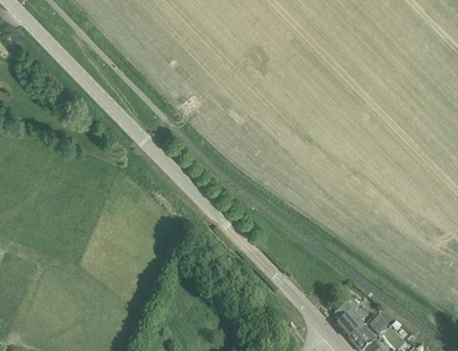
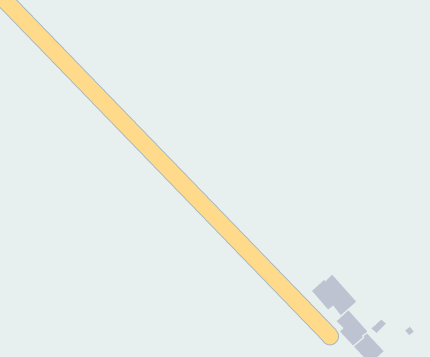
building: none -> [311,274,357,316]

